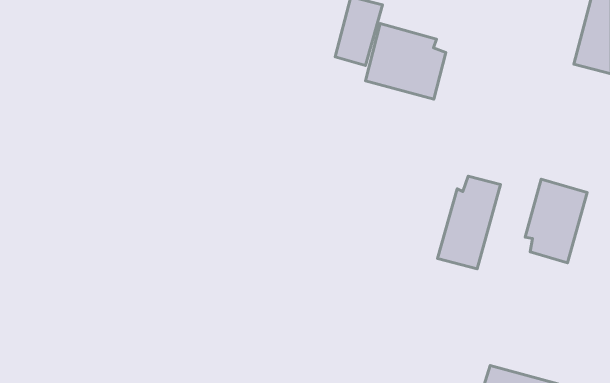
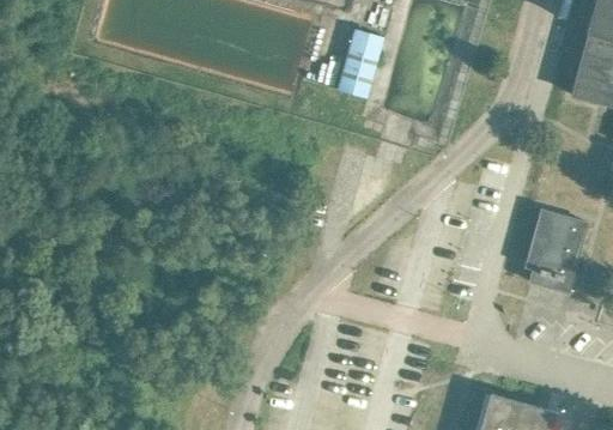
building: [365,24,446,99] -> none
building: [438,176,501,269] -> none

